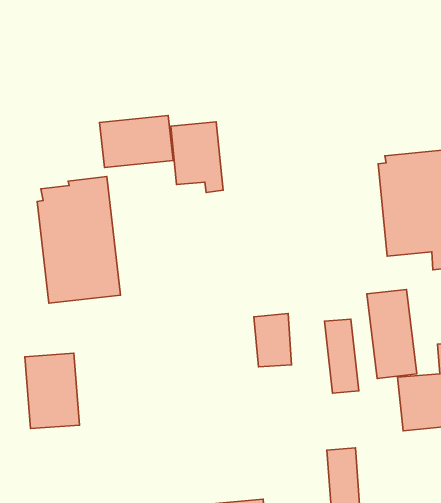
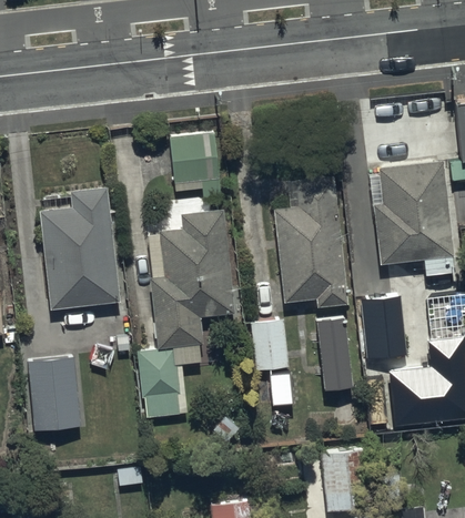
building: [100,116,173,167] -> none
building: none -> [274,175,348,307]
building: none -> [138,207,235,418]

